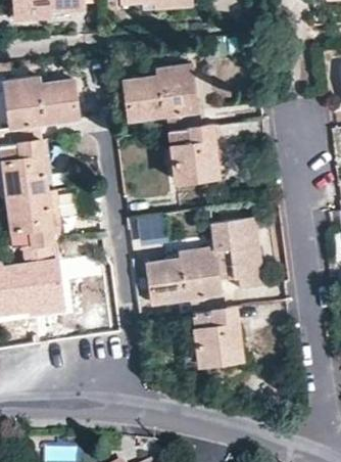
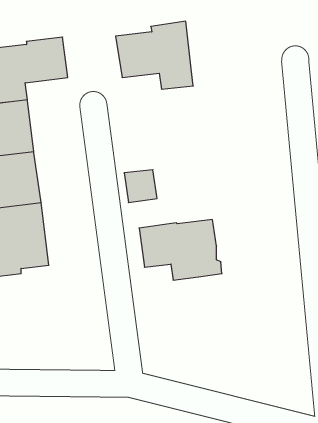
building: [169,125,218,181] -> none
building: [214,218,262,290] -> none
building: [189,307,243,366] -> none

